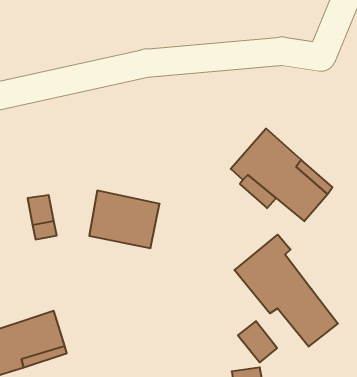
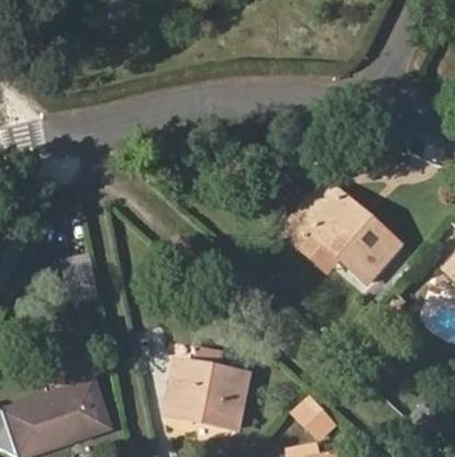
building: [89,191,160,248] -> [166,364,243,426]
building: [234,235,338,347] -> none

